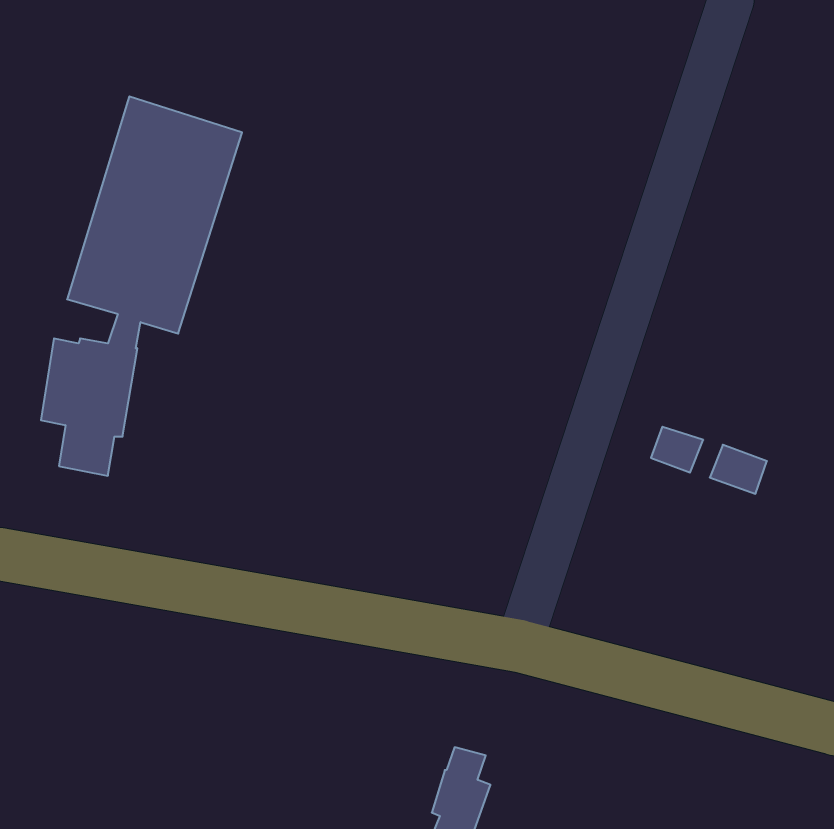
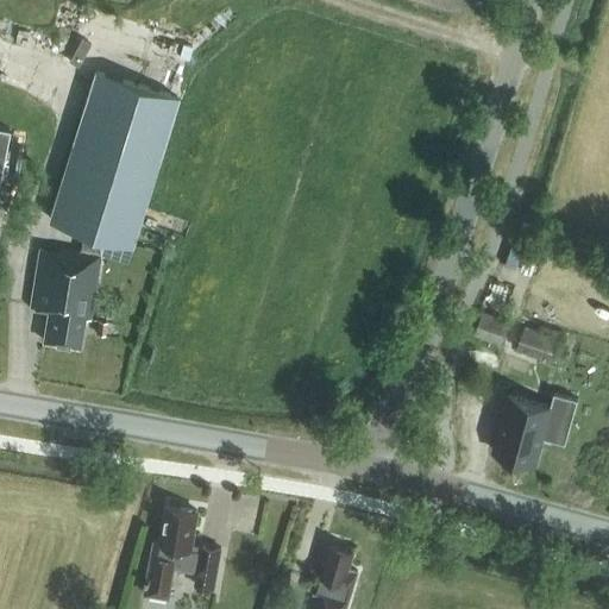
building: none -> [495,396,578,466]
building: none -> [145,509,221,602]

